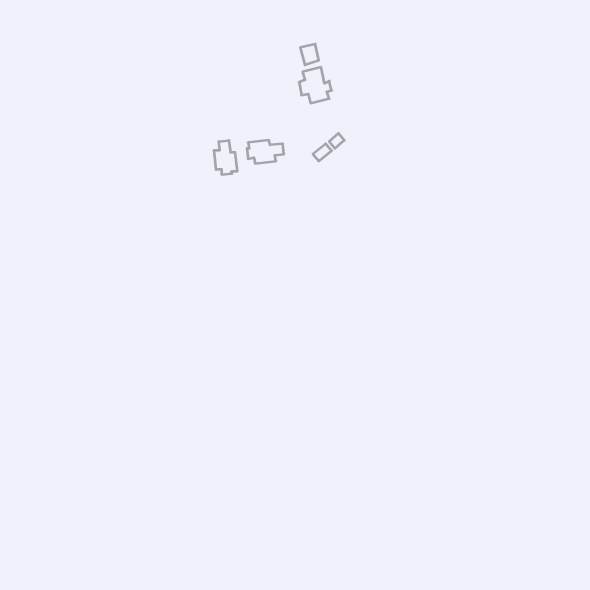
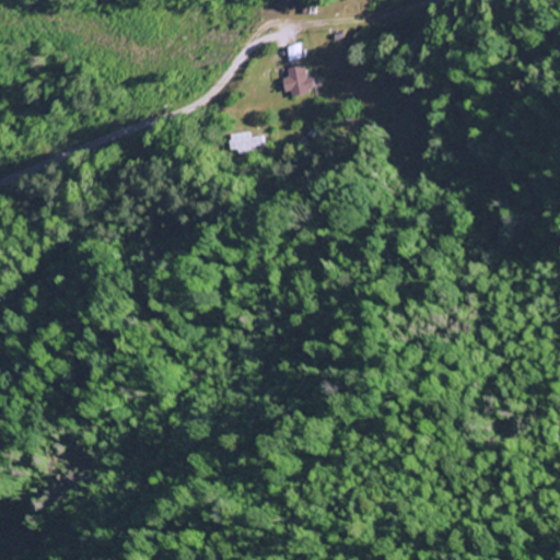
building: [214,140,237,175] -> none

